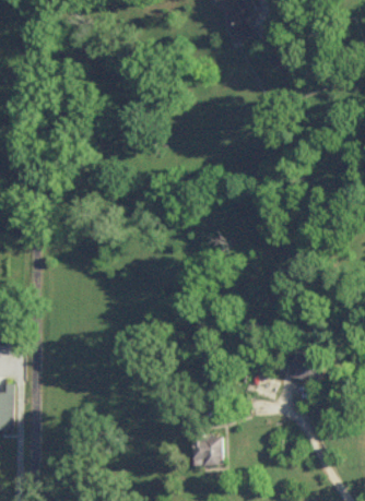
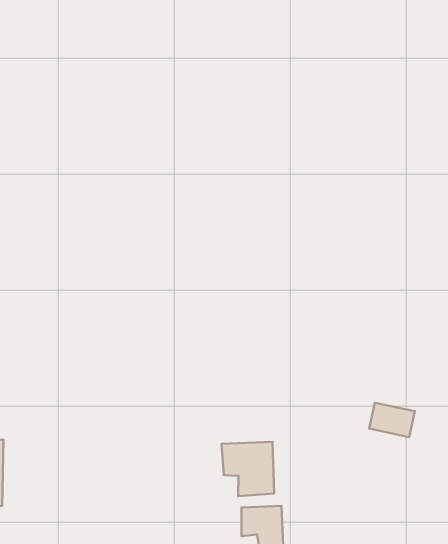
building: none -> [222,442,274,496]

